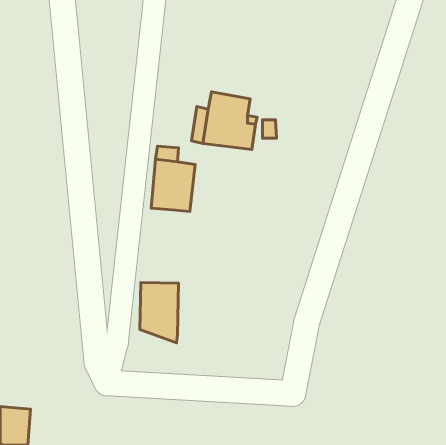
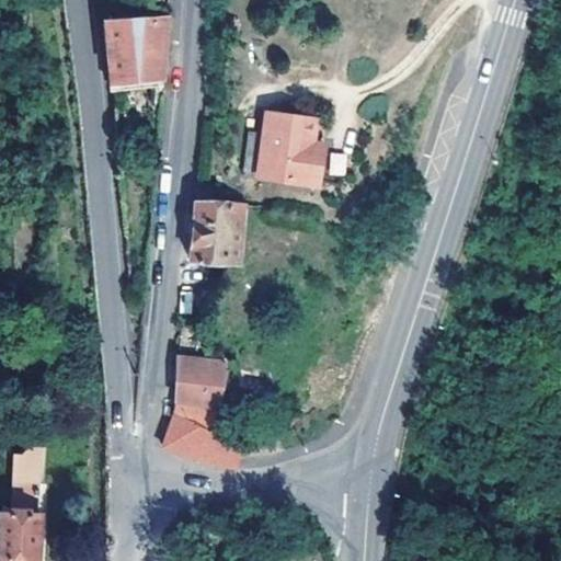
building: none -> [107,19,167,95]
building: none -> [163,413,241,465]
building: none -> [12,444,41,505]

